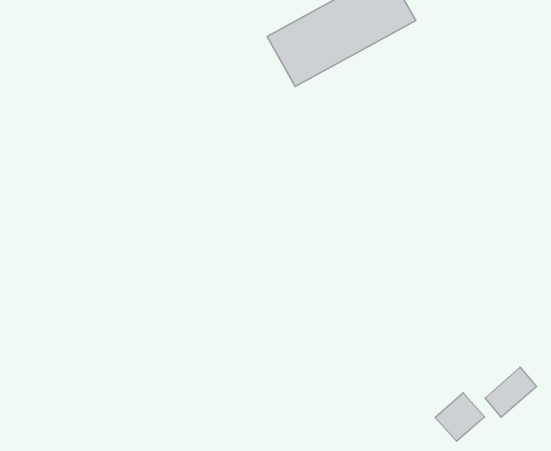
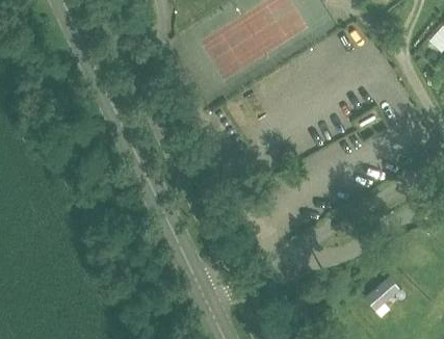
building: [435,393,484,441] -> none

